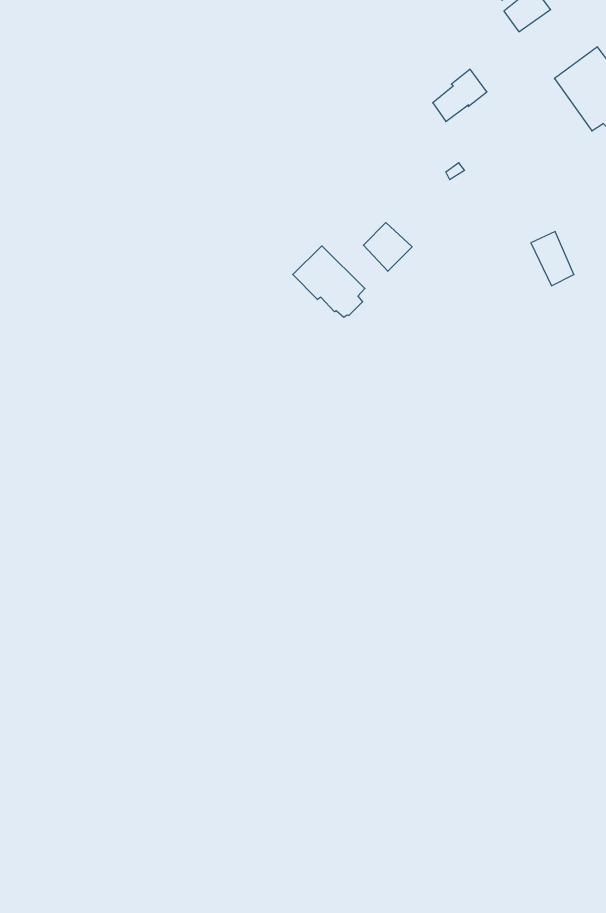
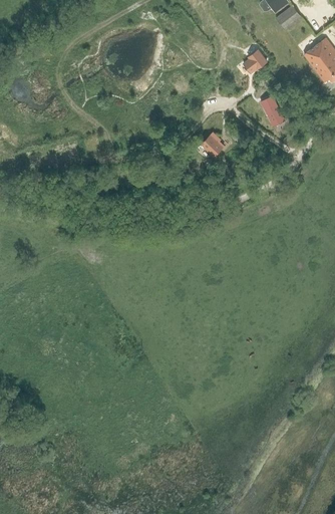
building: [531,232,574,286] -> [260,95,283,124]
building: [293,246,365,317] -> none

